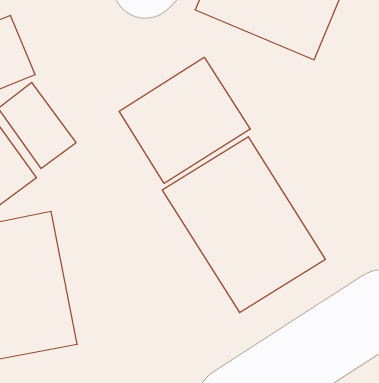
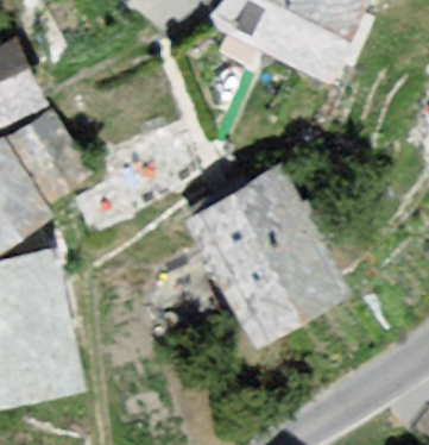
building: [119,57,250,183] -> none

